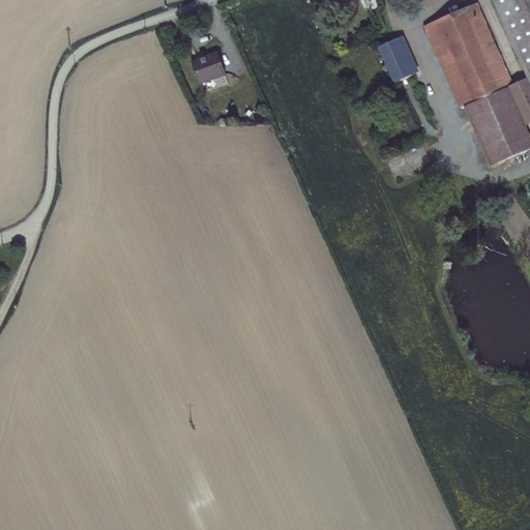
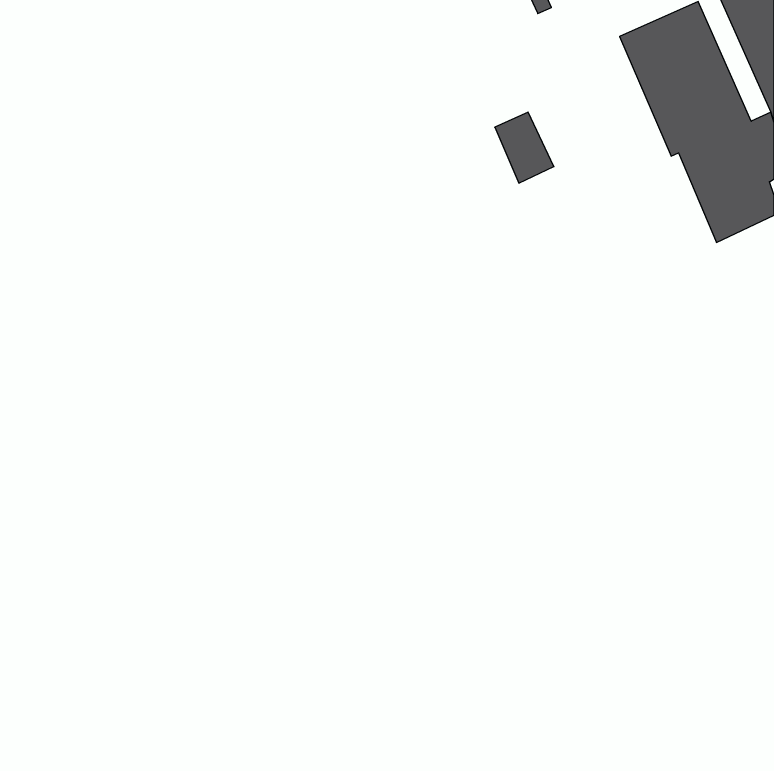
building: [381,33,421,82] -> [495,112,554,183]
building: [192,51,228,83] -> none

